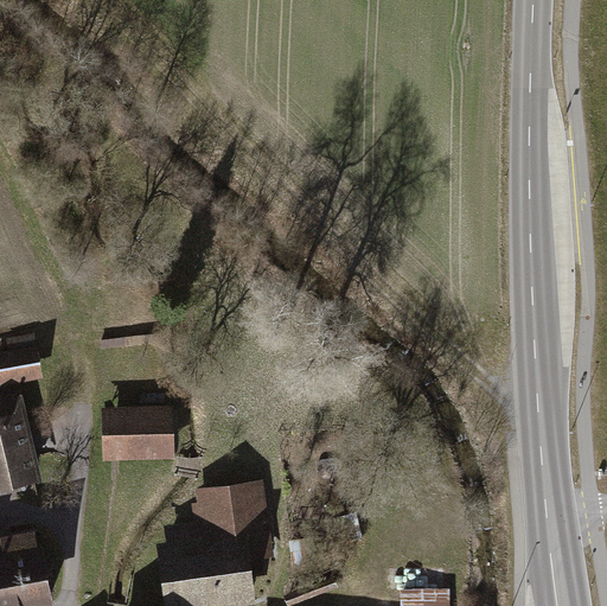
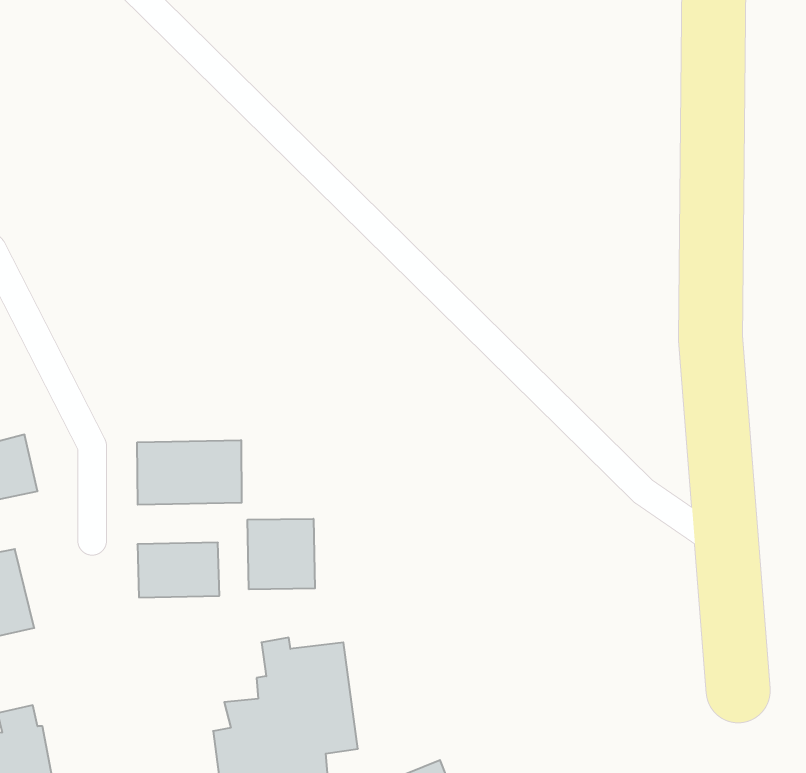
building: none -> [137,440,242,505]
building: none -> [248,519,315,589]

